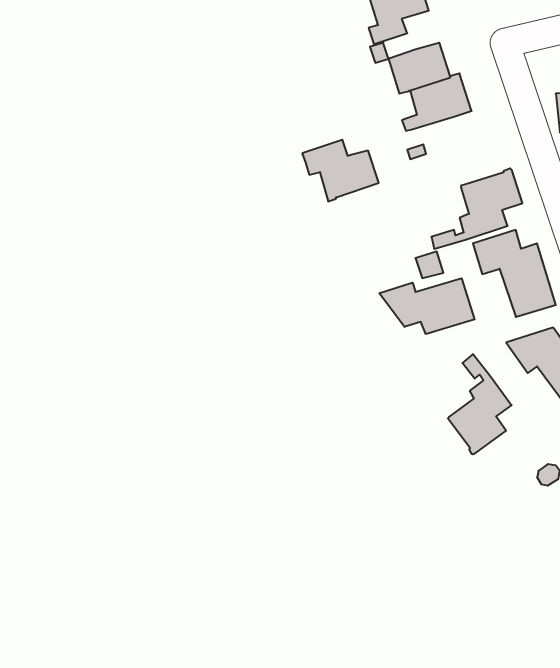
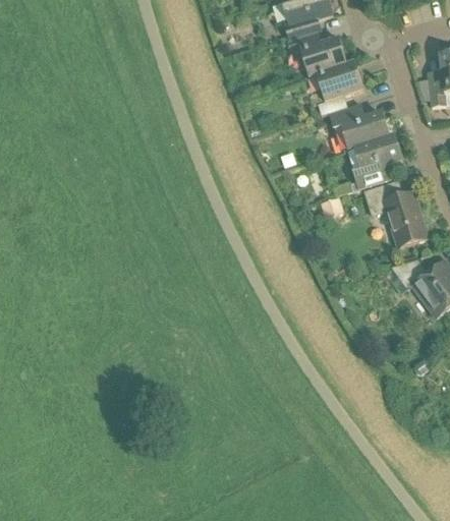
building: [302,140,379,201] -> [330,102,388,149]
building: [379,278,475,334] -> none
building: [448,354,512,454] -> none

